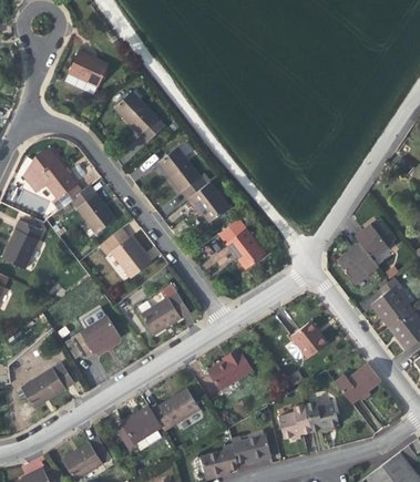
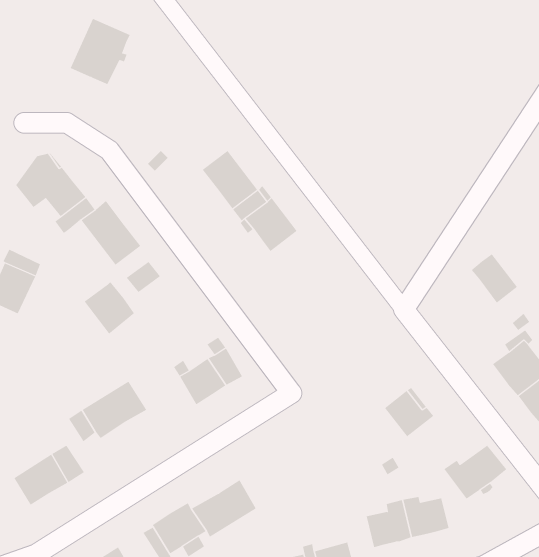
building: [114,92,164,142] -> none
building: [218,219,265,269] -> none
building: [111,238,148,277] -> [83,281,135,334]
building: [337,243,378,284] -> none
building: [208,348,253,390] -> none

